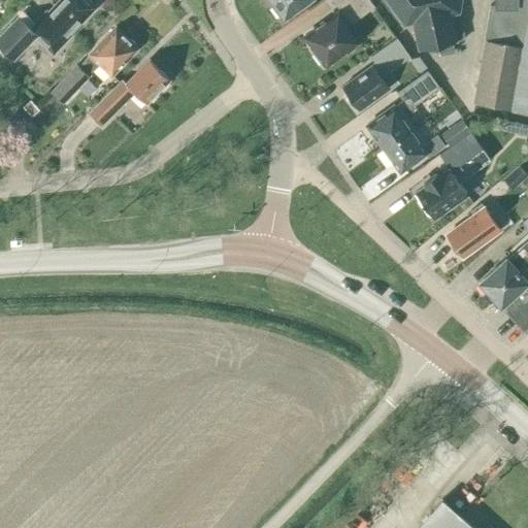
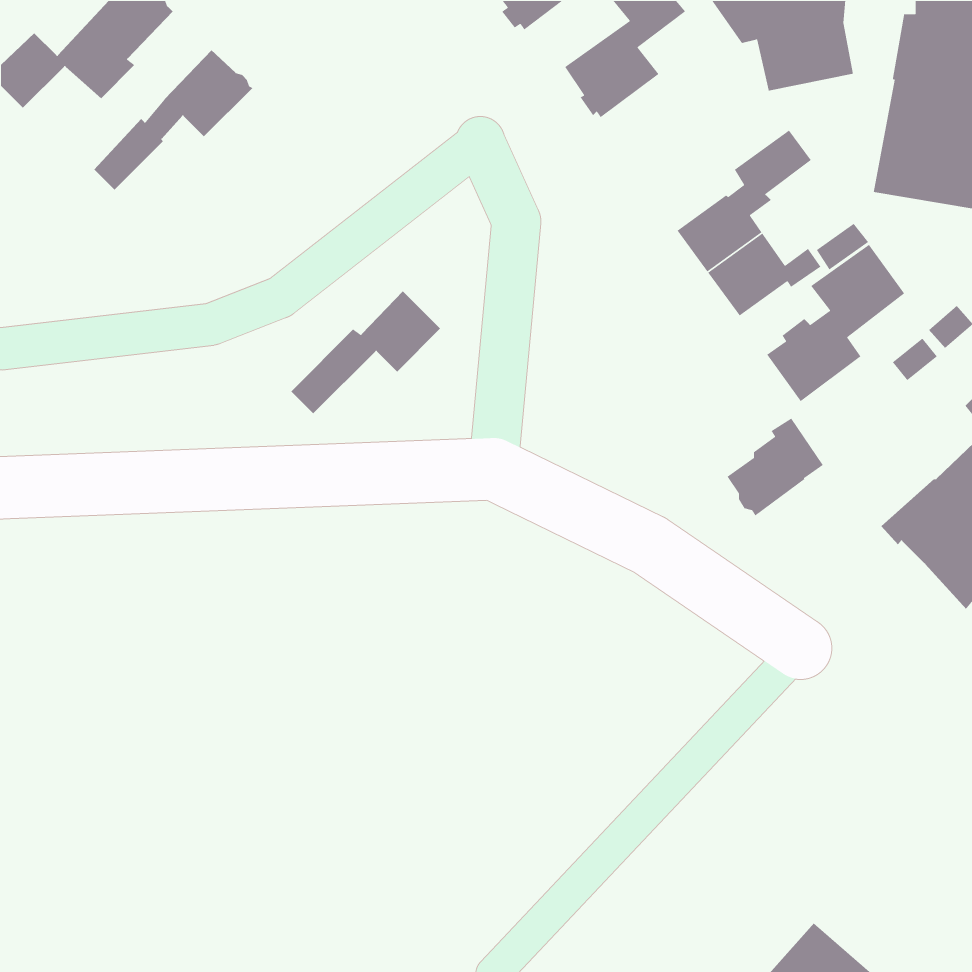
building: [342,56,393,112] -> none
building: [89,60,170,127] -> [290,290,441,414]
building: [447,204,499,258] -> [727,417,824,517]

